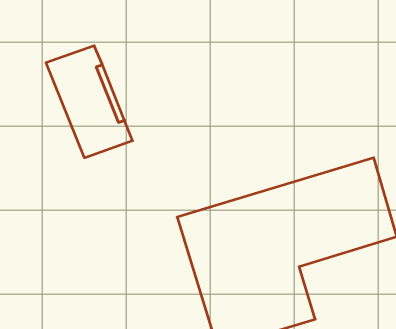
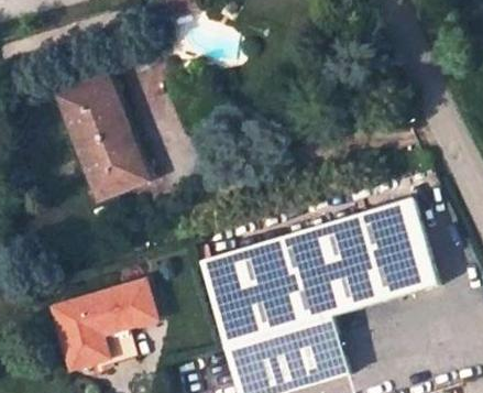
building: none -> [53,280,156,368]

